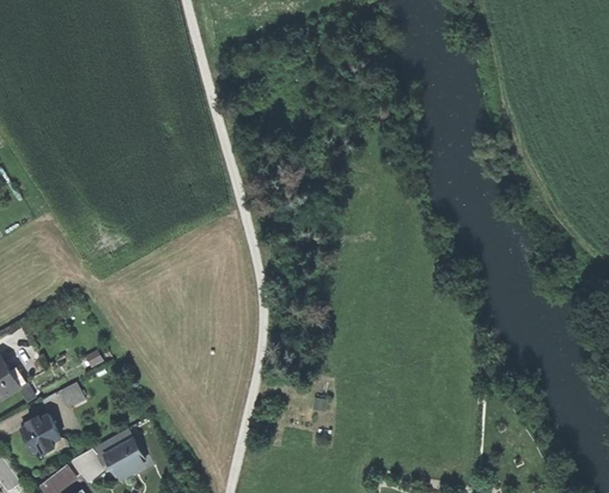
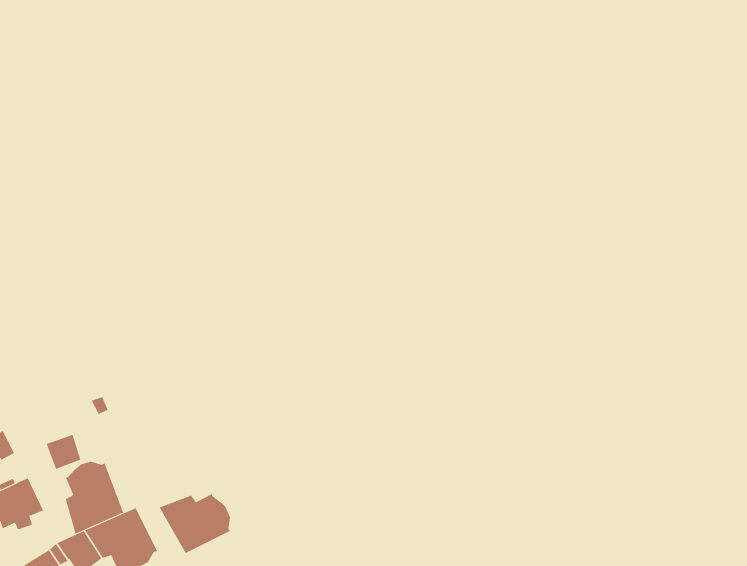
building: none -> [65,461,124,534]
building: none -> [159,493,231,554]

